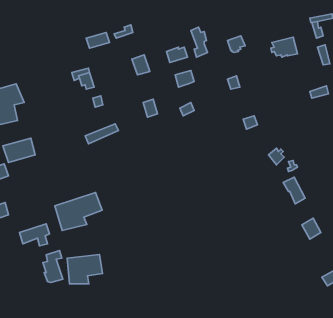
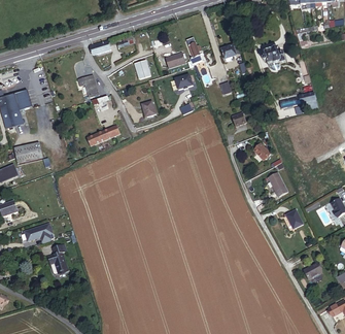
building: [55,192,102,231] -> none
building: [67,255,102,284] -> none

